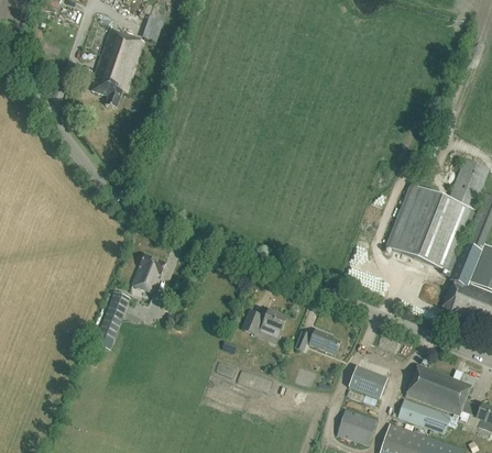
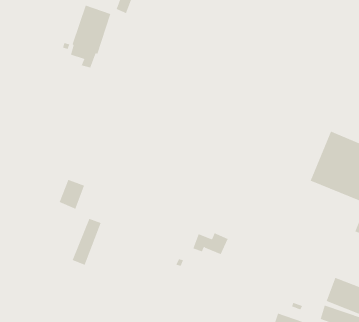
building: [132,255,164,292] -> [59,179,85,209]
building: [294,329,339,355] -> none
building: [348,365,387,398] -> none

